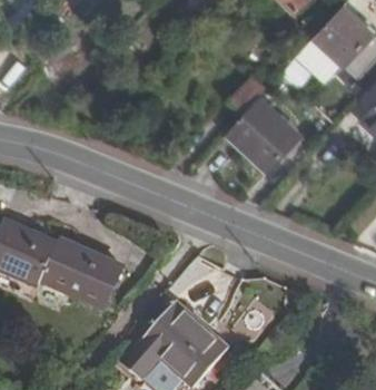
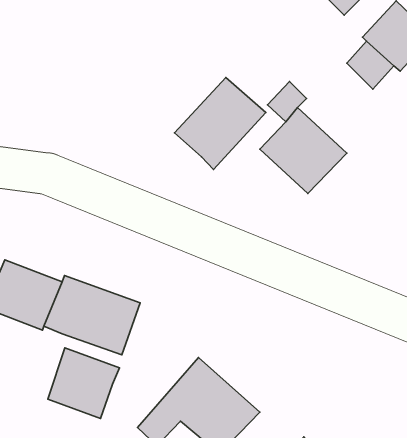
building: none -> [175,77,266,169]
building: none -> [48,348,119,418]

